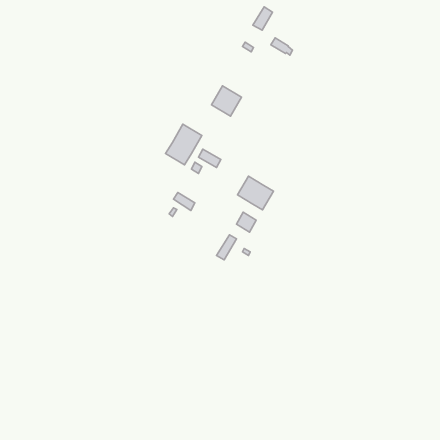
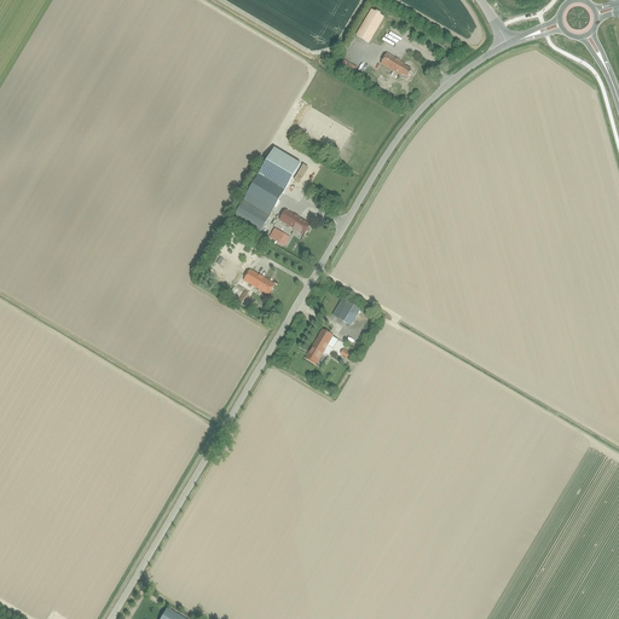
building: [211,86,242,116] -> [256,147,299,190]
building: [237,176,274,210] -> none

